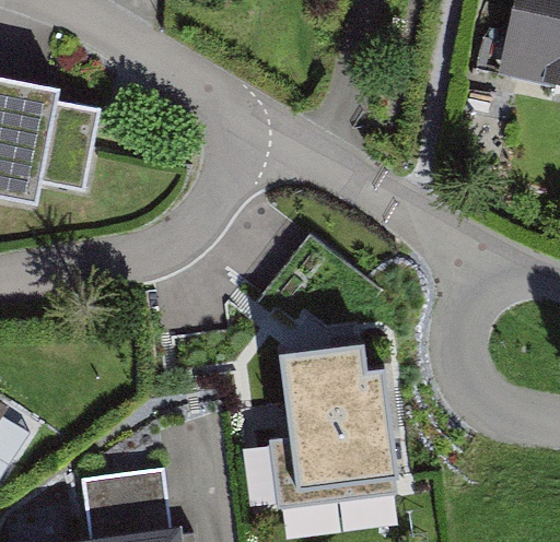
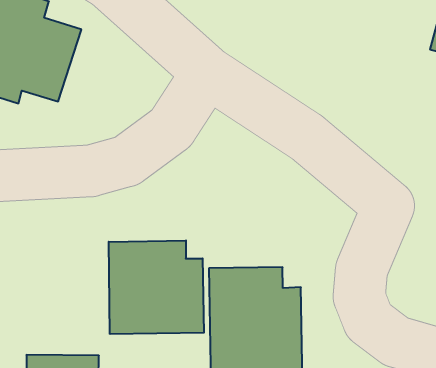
building: none -> [109,240,204,334]

